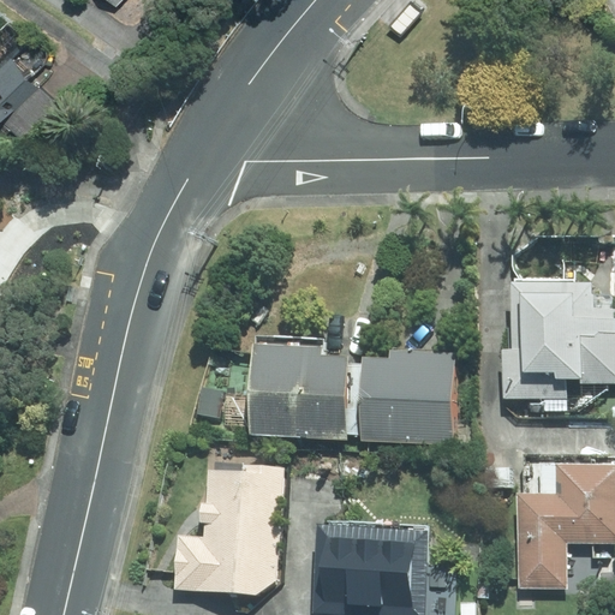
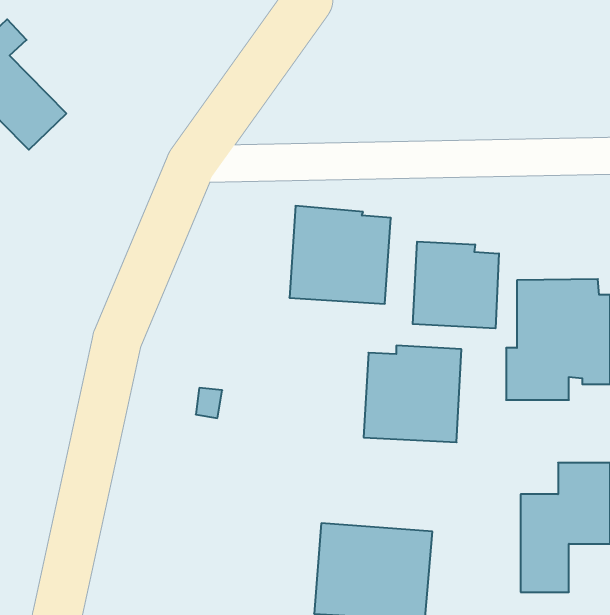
building: none -> [413,242,499,328]
building: [252,340,353,437] -> [289,206,391,304]
building: [171,466,281,597] -> none

